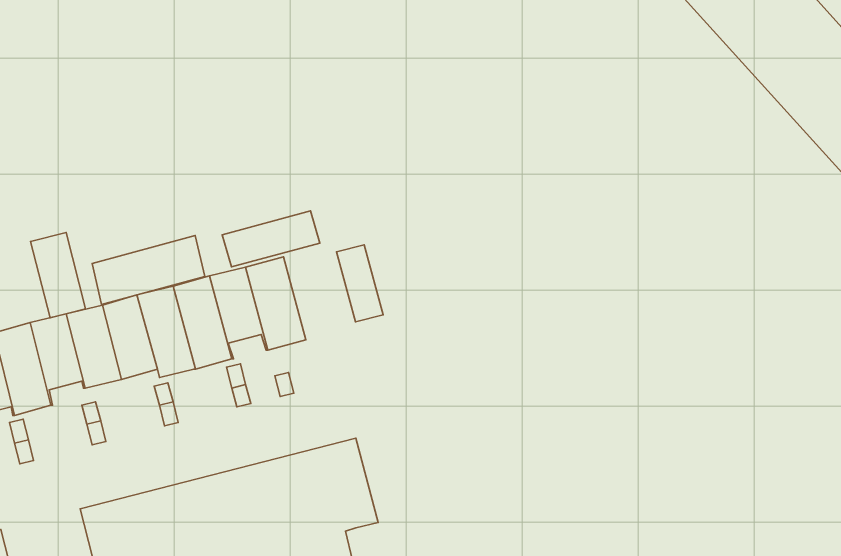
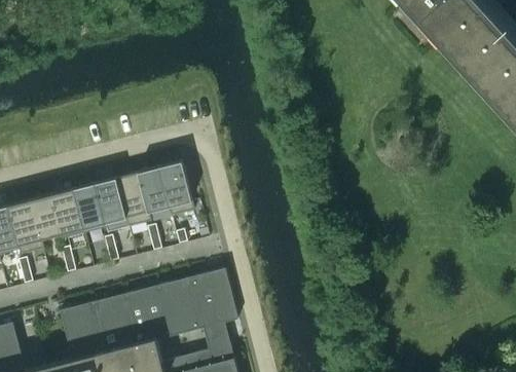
building: [222,211,320,267] -> none
building: [31,232,86,318] -> none
building: [92,236,205,304] -> none
building: [337,245,383,322] -> none

